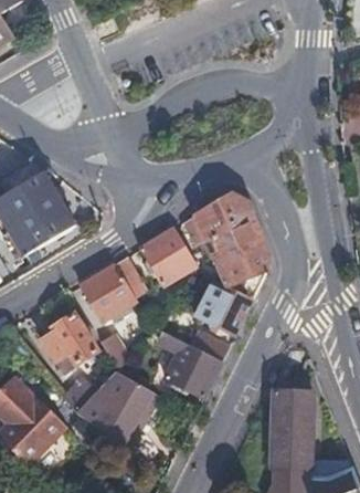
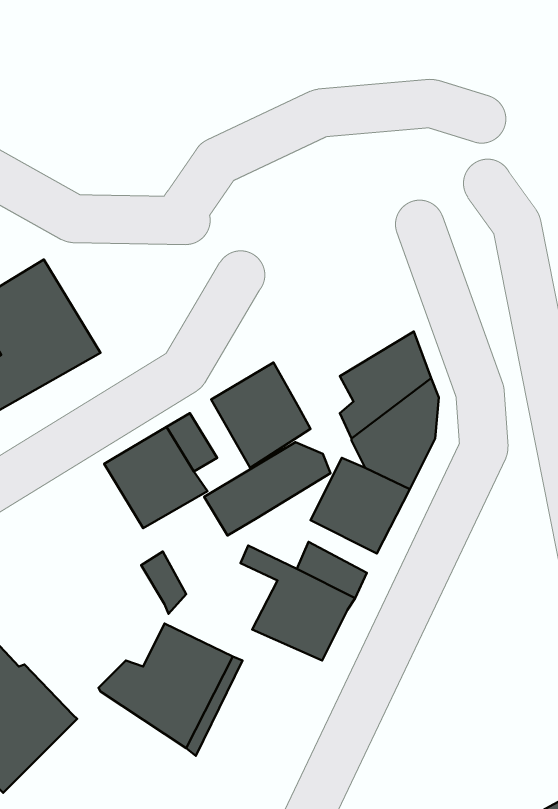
building: [182,192,254,245] -> [204,442,331,536]
building: [40,315,96,375] -> none
building: [273,390,314,469] -> none

